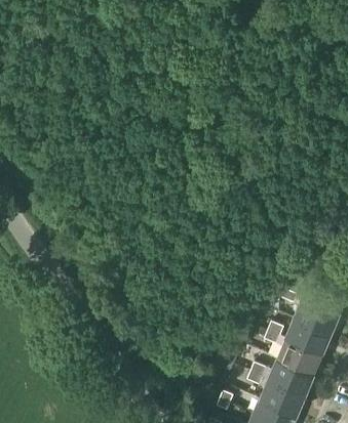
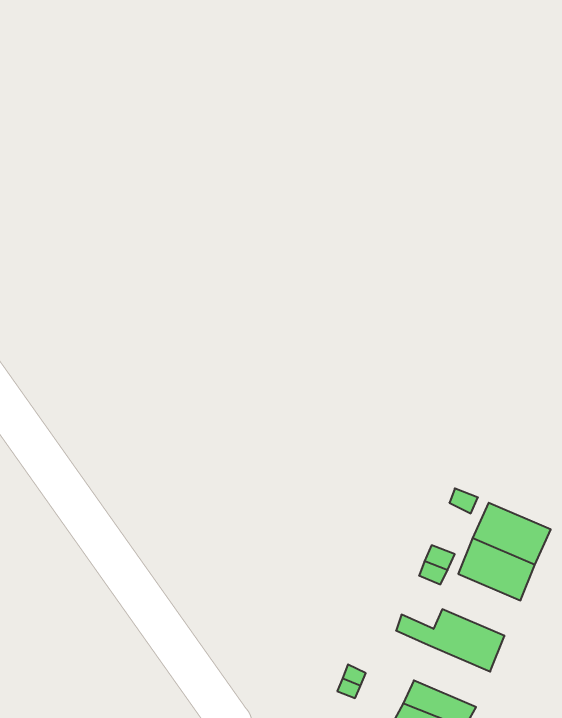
building: [277,338,322,374] -> none
building: [246,371,305,415] -> none

